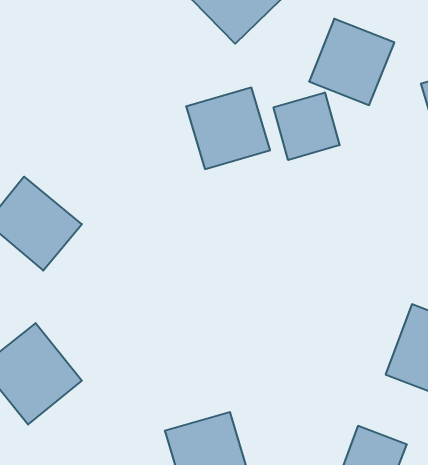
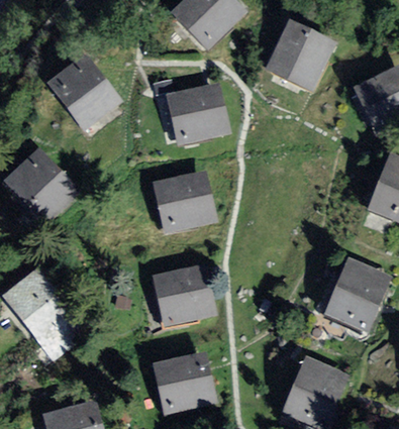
building: none -> [44,52,121,135]
building: [274,92,340,160] -> none
building: none -> [145,169,212,234]
building: none -> [148,254,216,320]

